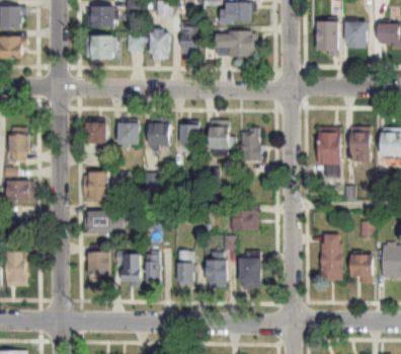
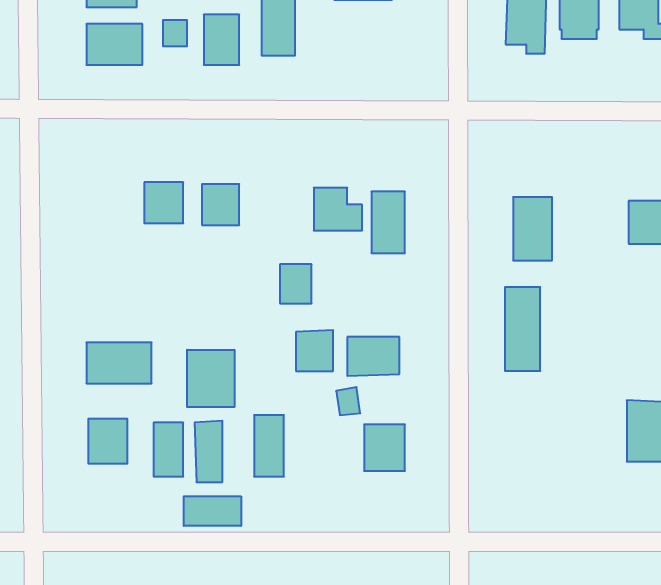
building: [216,32,255,57] -> none
building: [86,124,105,144] -> none
building: [180,126,197,147] -> [280,264,312,303]
building: [350,133,370,163] -> none
building: [83,172,107,201] -> none
building: none -> [187,350,234,407]
building: [322,235,341,281] -> [505,287,540,371]
building: [348,252,371,282] -> none
building: [205,258,225,280] -> [296,330,333,371]
building: none -> [184,496,241,526]

